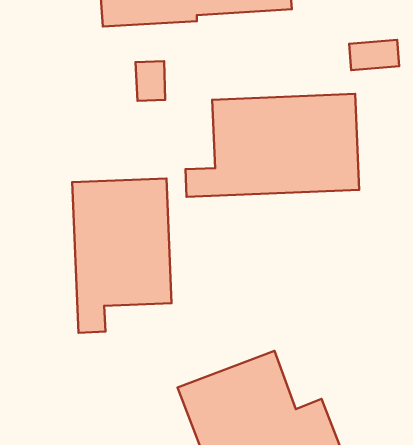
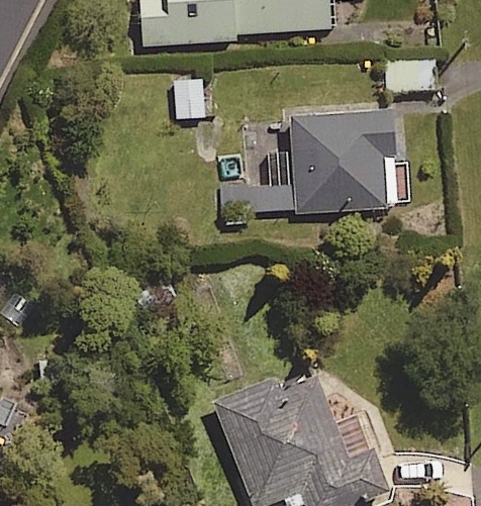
building: [72,178,172,333] -> none

